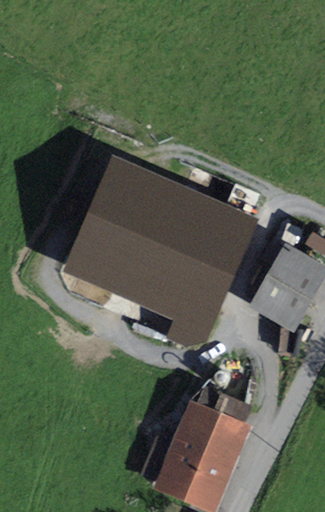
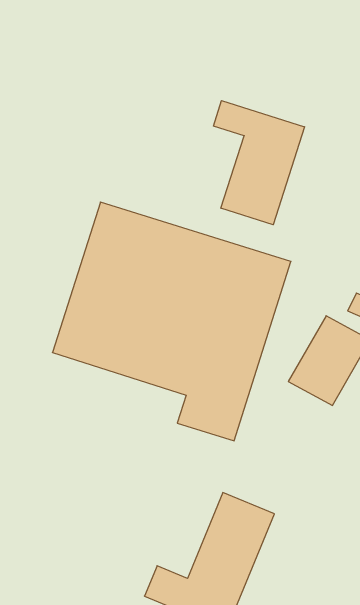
building: none -> [214,101,305,225]

